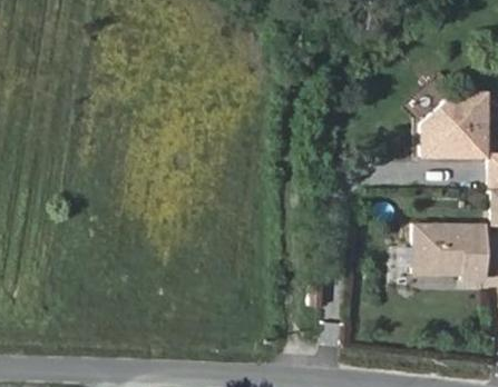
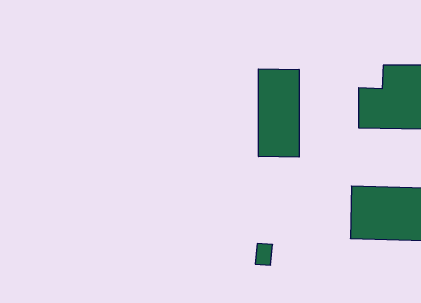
building: none -> [259,69,299,157]

